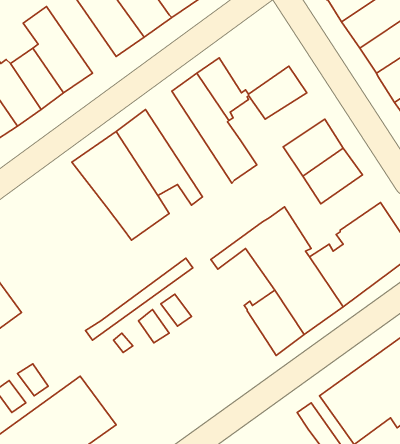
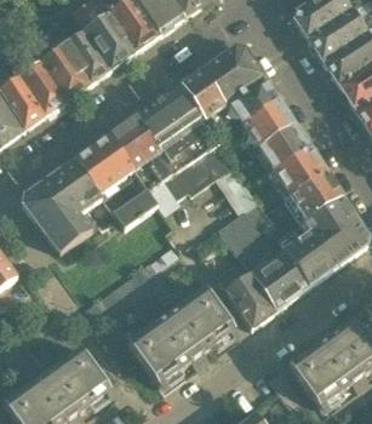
building: none -> [64,29,111,82]
building: none -> [201,45,262,101]
building: none -> [137,98,212,193]
building: none -> [241,99,293,147]
building: none -> [23,160,103,252]
building: none -> [290,171,342,219]
building: none -> [127,285,236,384]

